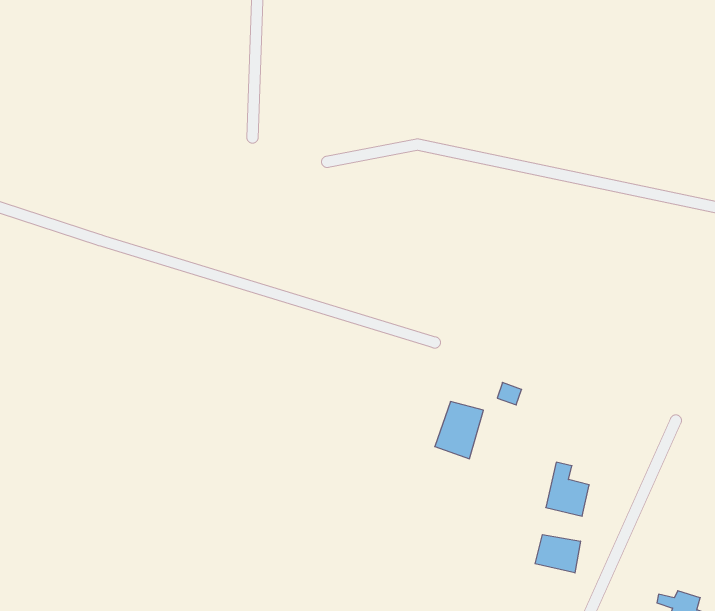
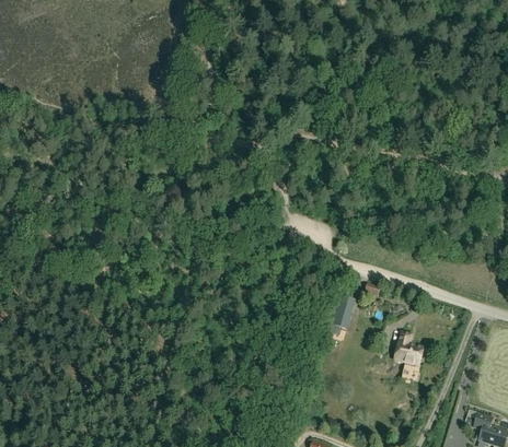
building: [535,535,580,573] -> none

